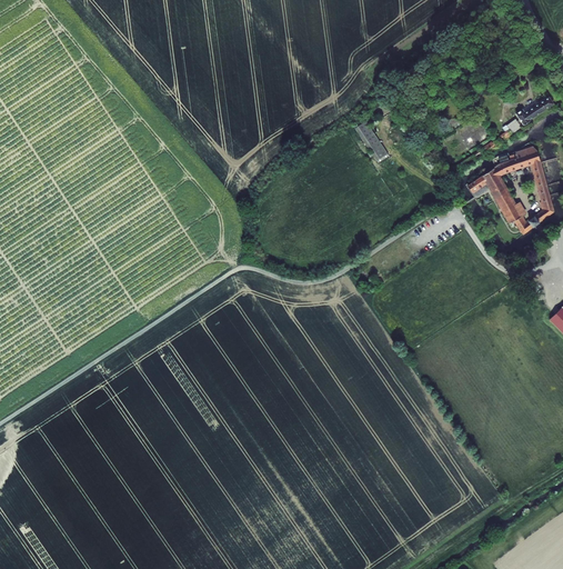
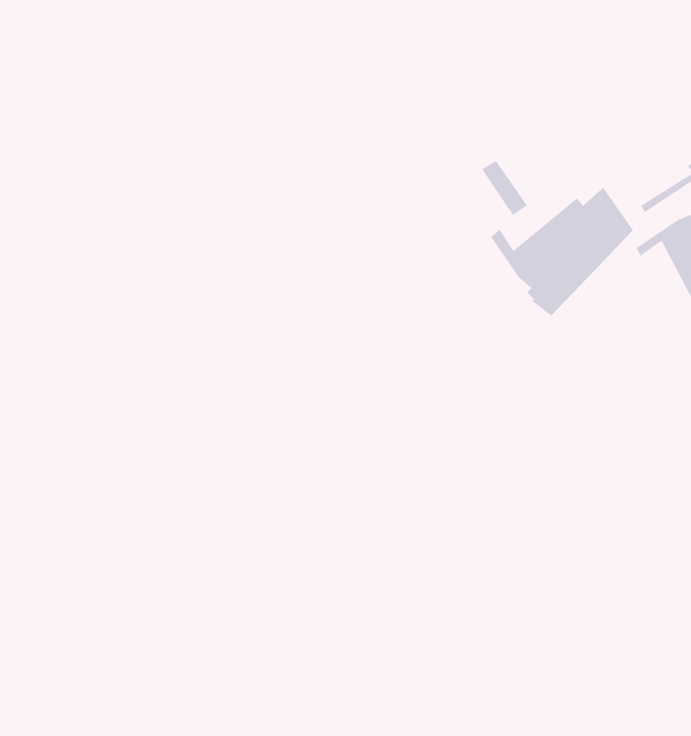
building: none -> [490,187,634,317]

